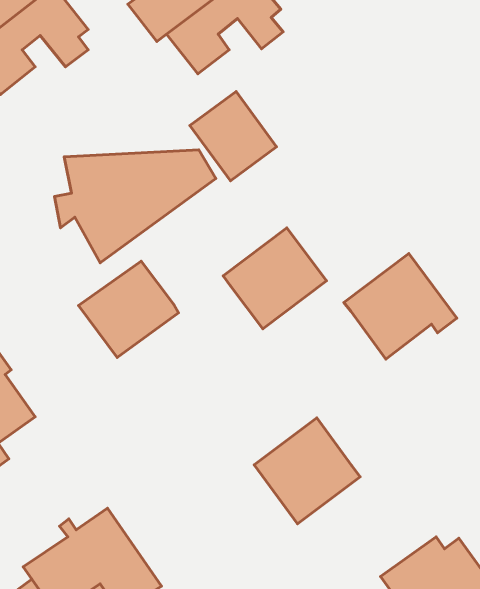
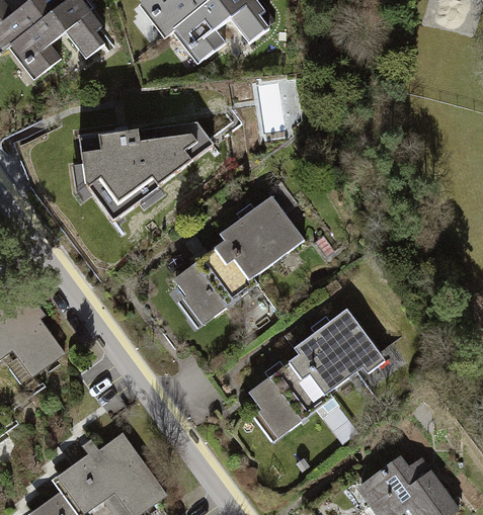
building: [190,92,277,181] -> none
building: [344,253,457,359] -> [291,306,386,395]
building: [79,261,178,357] -> [171,243,255,324]

